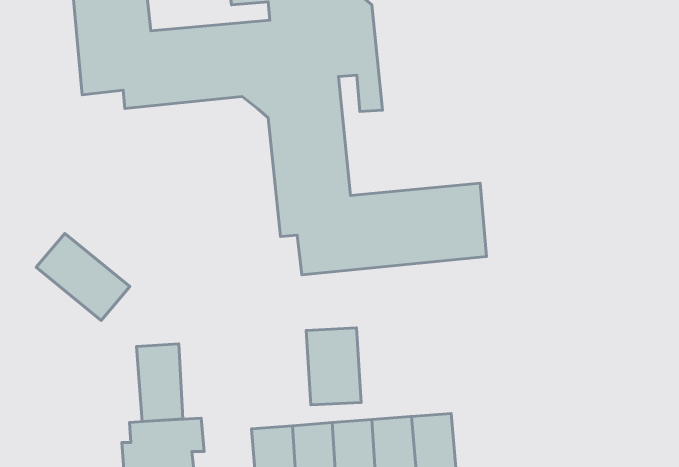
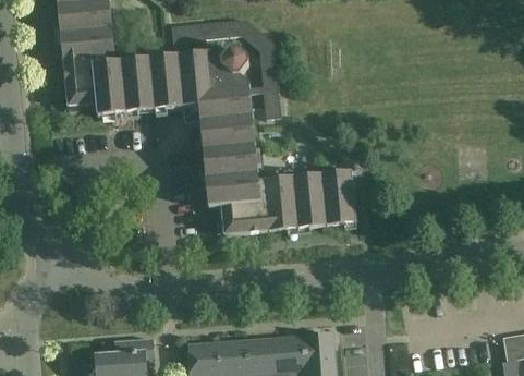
building: [36,233,130,320] -> none
building: [306,328,361,405] -> none
building: [137,344,183,421] -> none

